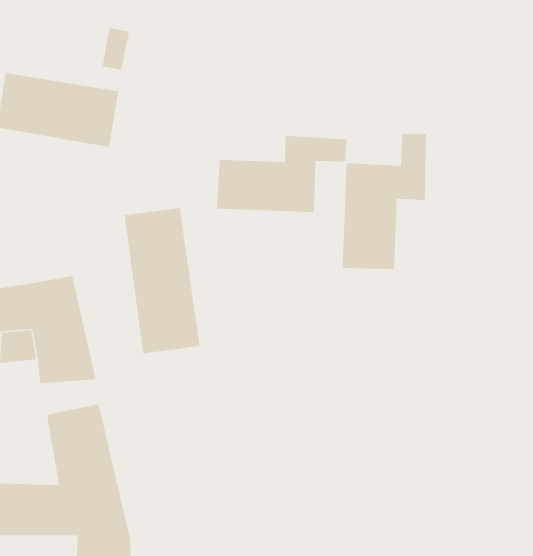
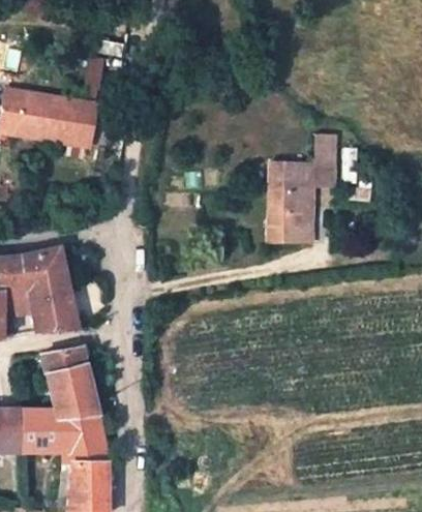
building: [216,135,348,213] -> none
building: [124,207,200,354] -> none

